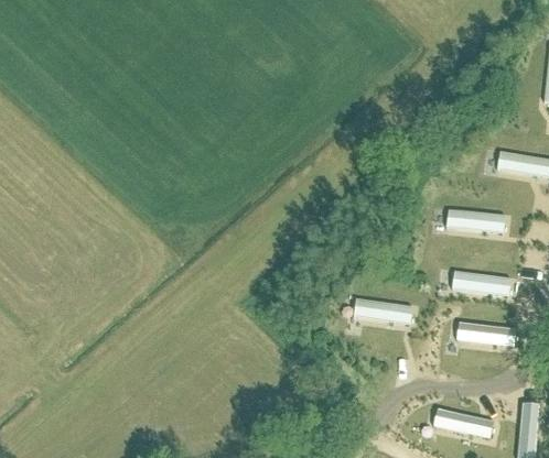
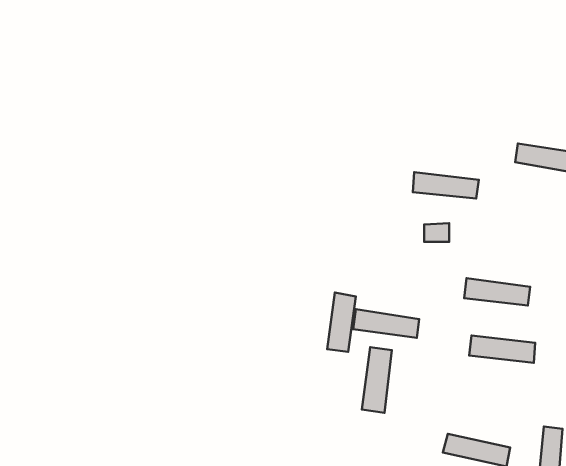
building: [448,209,506,232] -> [413,172,479,198]
building: none -> [327,293,356,352]
building: none -> [362,347,392,413]

